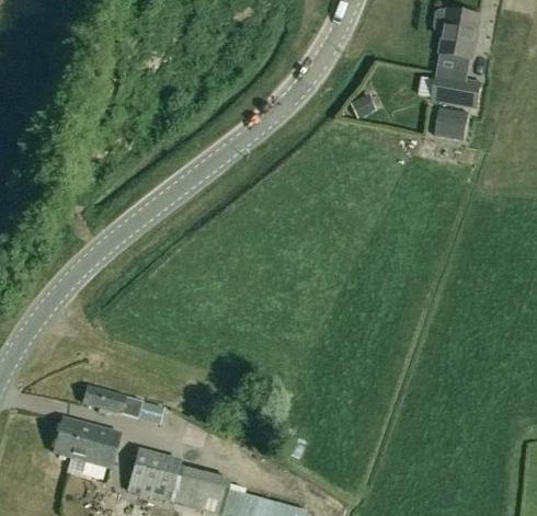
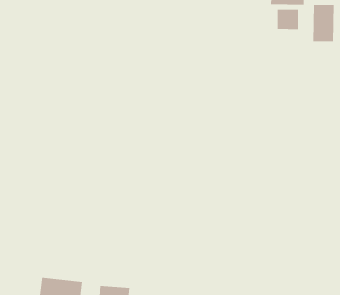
building: none -> [313,4,334,42]
building: [82,385,162,424] -> none

